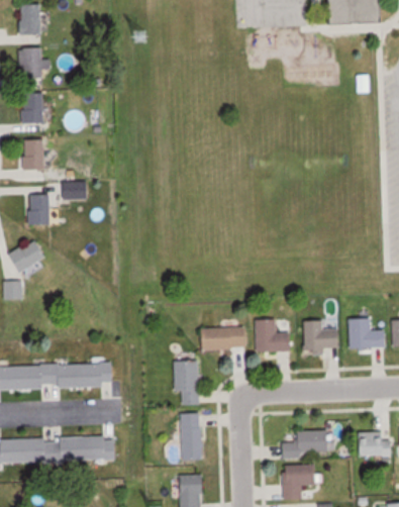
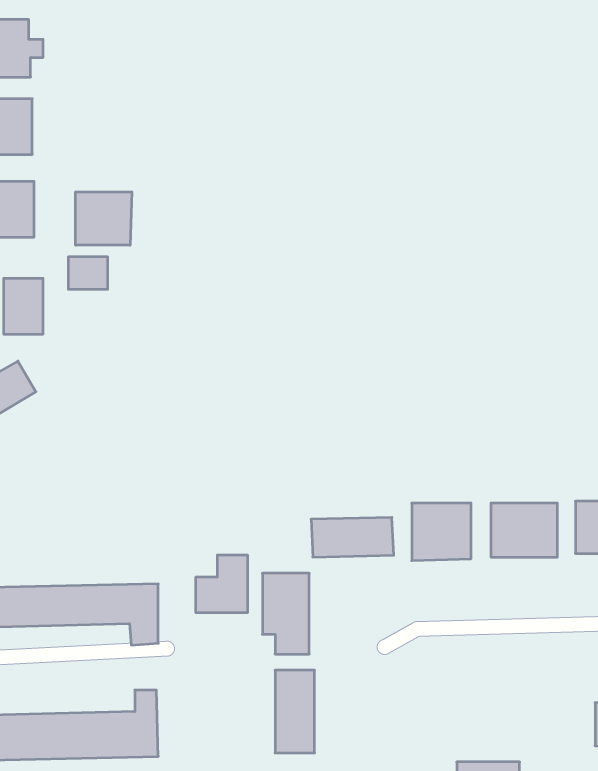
building: none -> [76,192,132,245]
building: none -> [196,555,247,613]
building: [281,430,328,460] -> none

